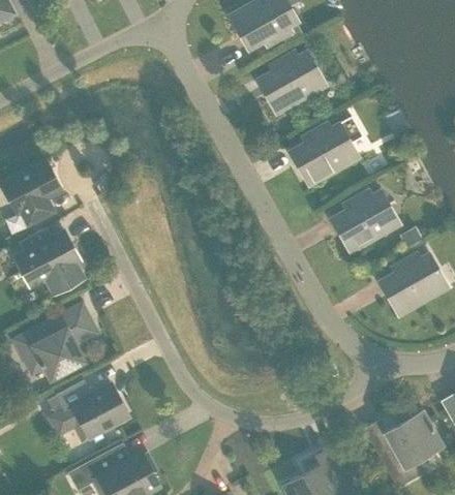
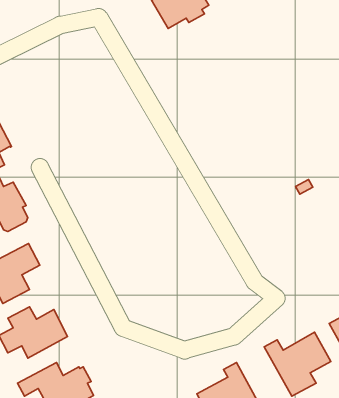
building: [257,51,325,113] -> none
building: [290,116,361,184] -> none
building: [331,189,399,251] -> none
building: [380,252,448,314] -> none

